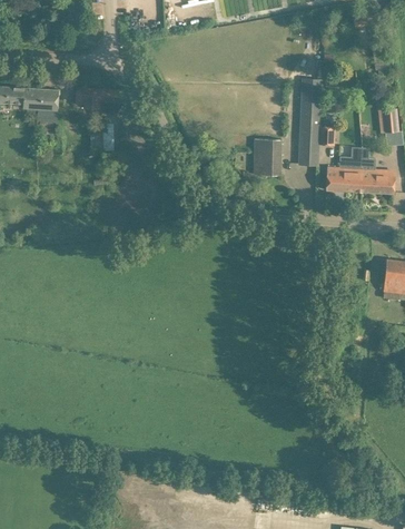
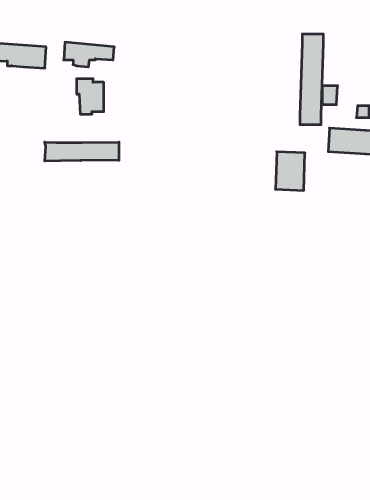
building: [254,138,281,175] -> [275,152,305,190]
building: none -> [45,142,119,161]

